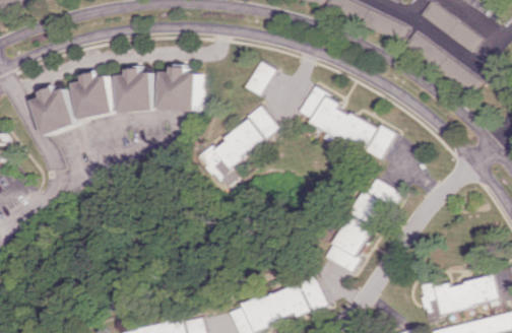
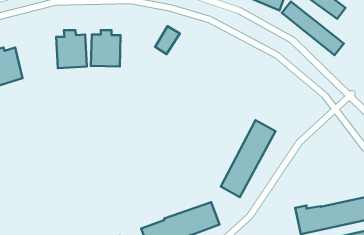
building: [79,72,122,120] -> none
building: [299,86,392,157] -> none
building: [202,108,281,188] -> none

